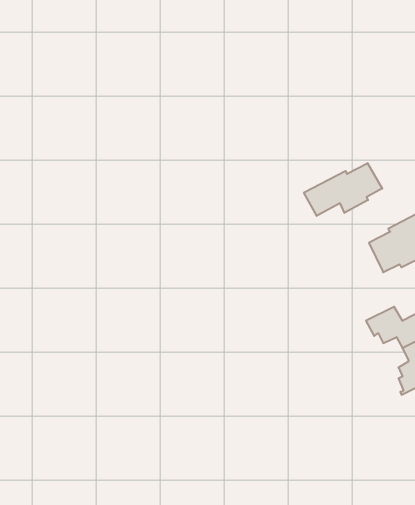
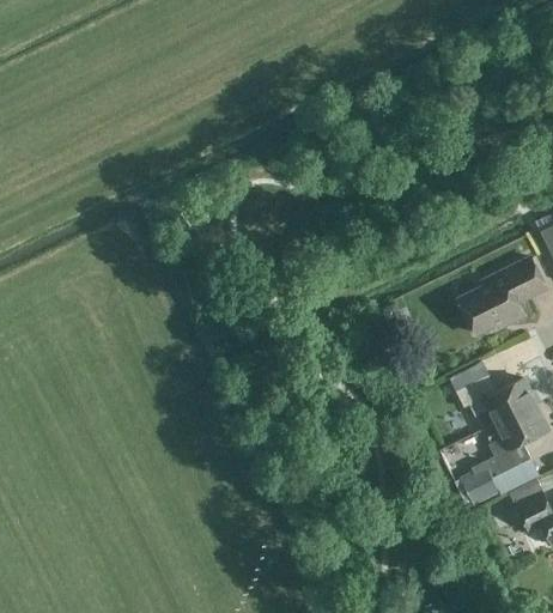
building: [304,163,382,216] -> none
building: none -> [463,472,502,506]

